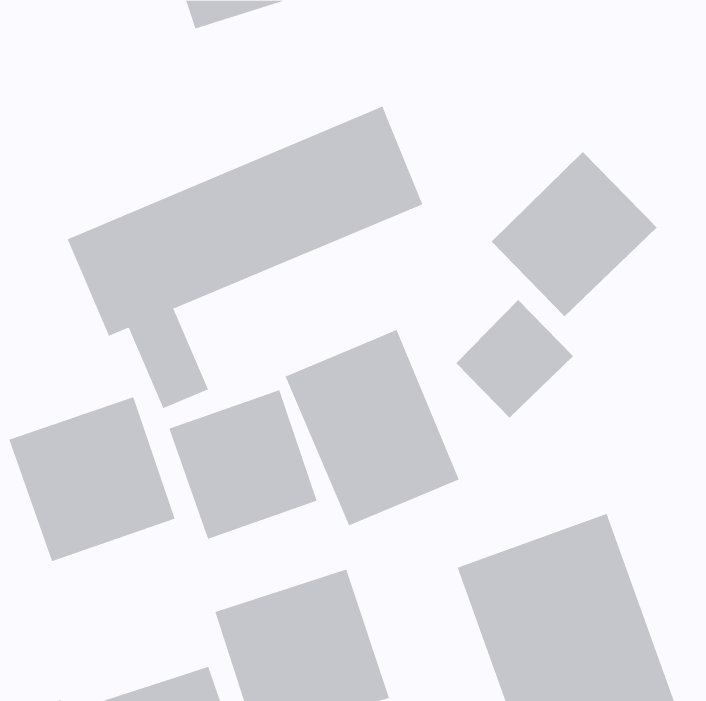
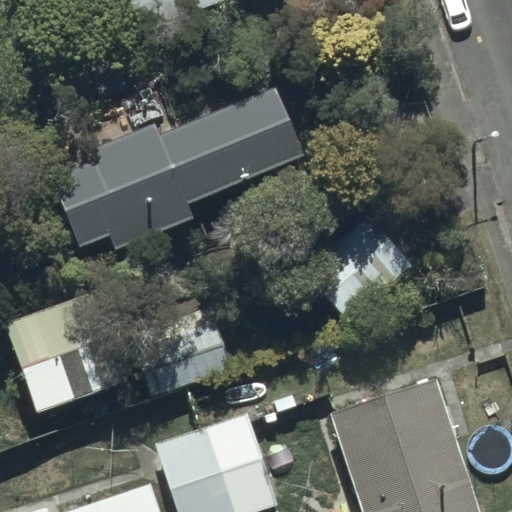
building: [491,151,657,317] -> none
building: [285,329,460,526] -> none

